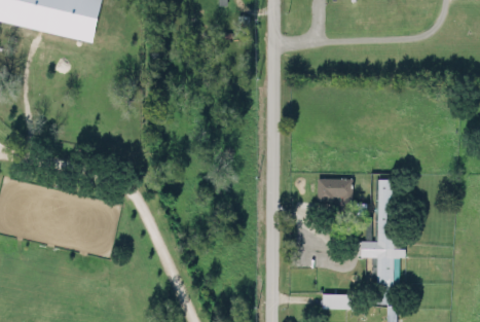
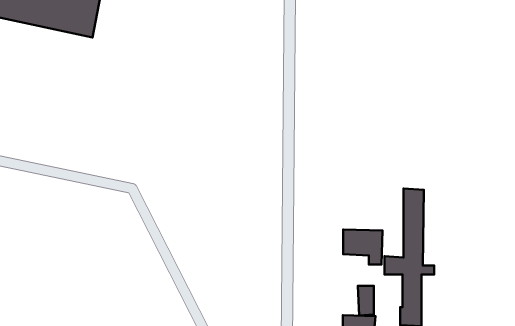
building: [316,177,352,209] -> [343,229,382,264]
building: none -> [358,286,374,316]

